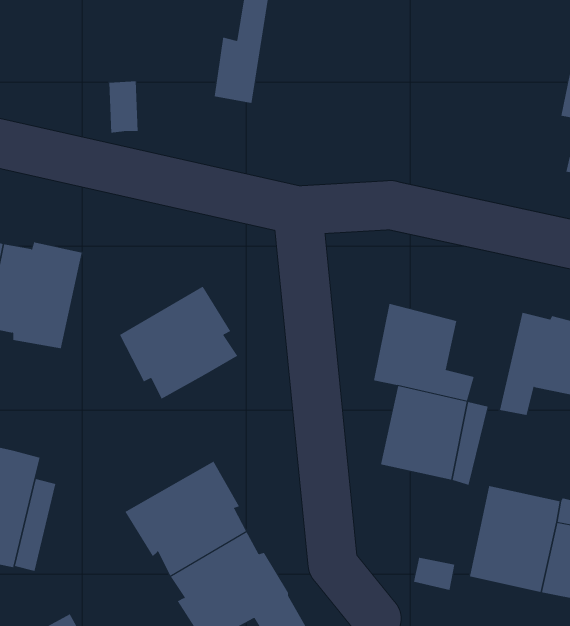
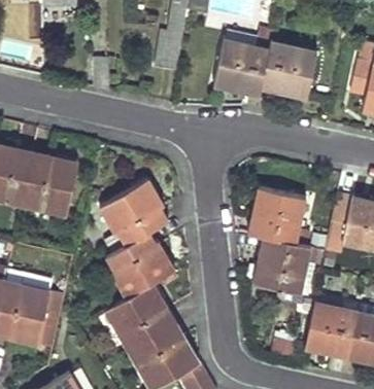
building: none -> [214,32,316,100]
building: none -> [104,232,176,299]

